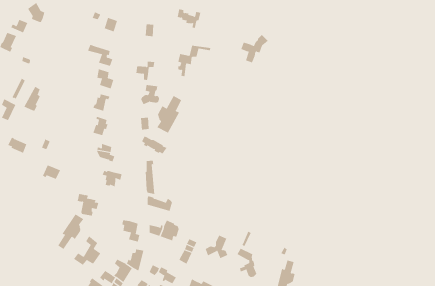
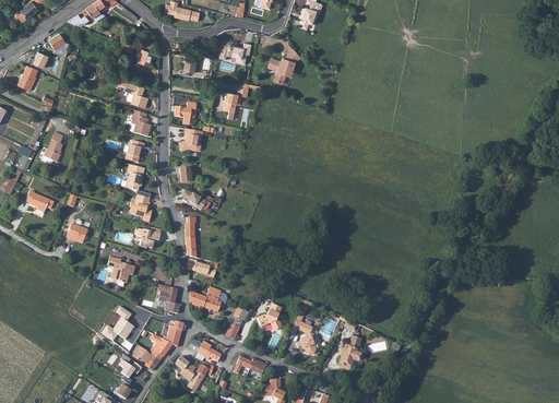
building: [240,34,268,63] -> [269,49,301,83]
building: [156,95,182,134] -> none
building: [58,214,84,250] -> none

